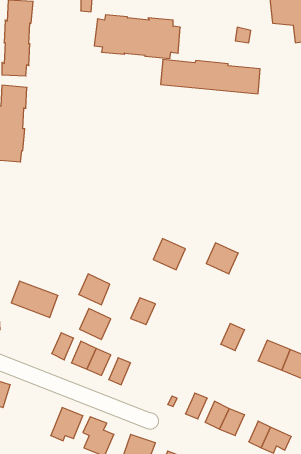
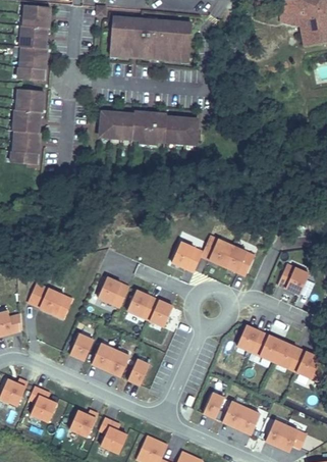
building: [161,60,260,94] -> [101,113,199,147]
building: none -> [199,235,230,265]
building: none -> [276,263,308,294]
building: [80,309,111,340] -> [125,289,156,319]
building: none -> [250,330,281,361]
building: none -> [32,386,59,422]

